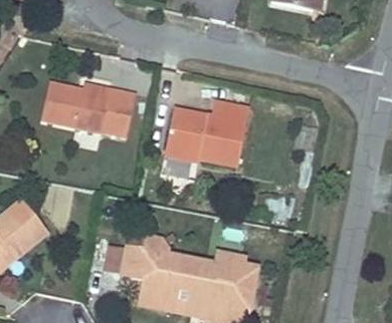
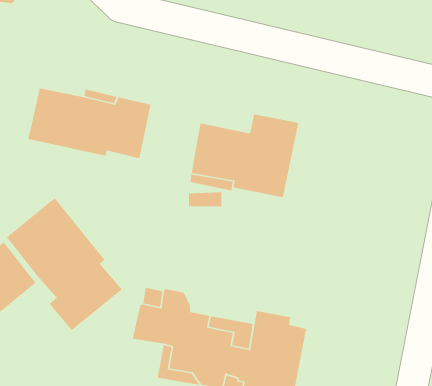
building: none -> [6,197,123,331]

